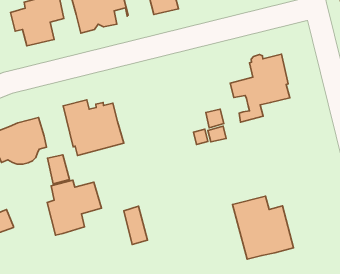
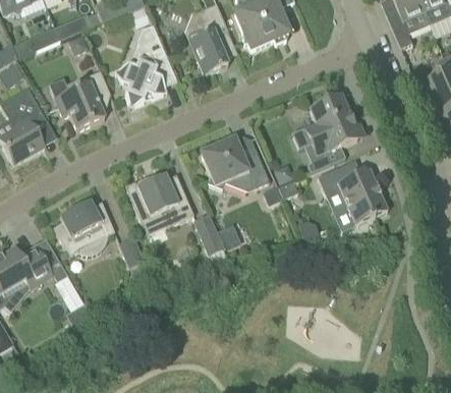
building: none -> [201,137,269,187]
building: [47,180,102,235] -> none
building: [233,196,293,259] -> [317,161,387,229]
building: [124,206,148,245] -> [193,213,223,254]

